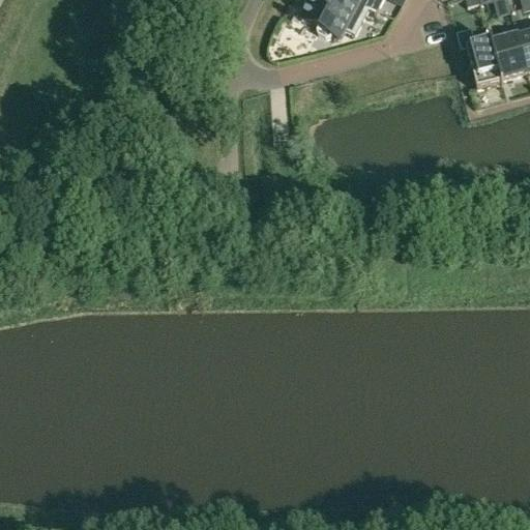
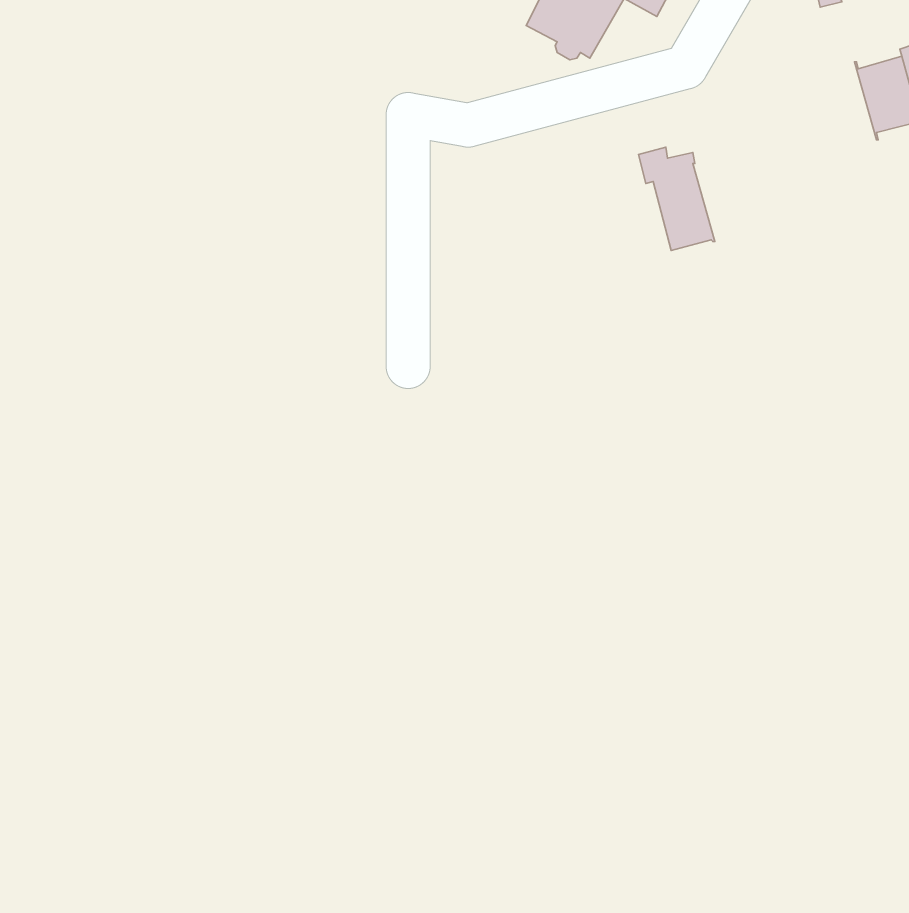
building: [467,26,510,85] -> [639,147,715,251]

